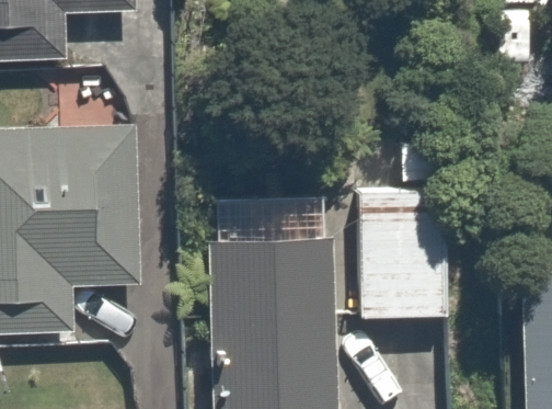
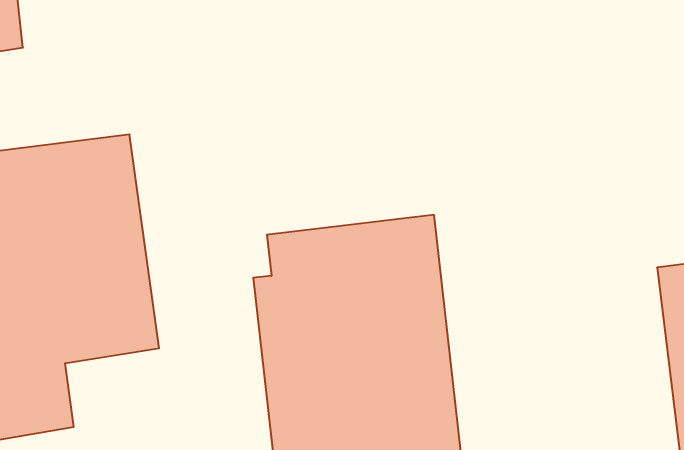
building: [359,192,448,317] -> none

